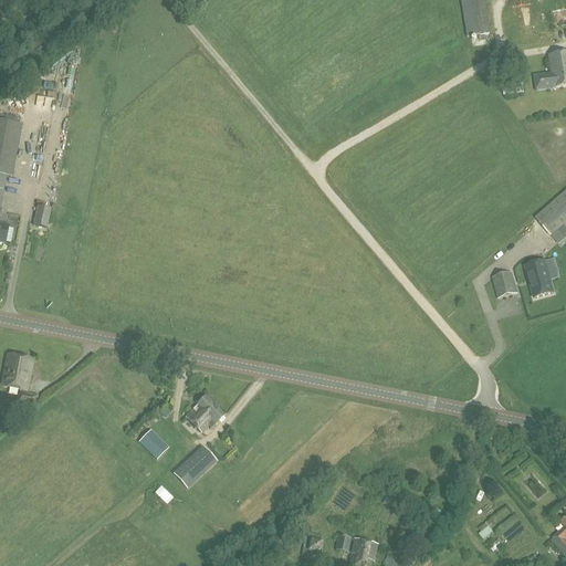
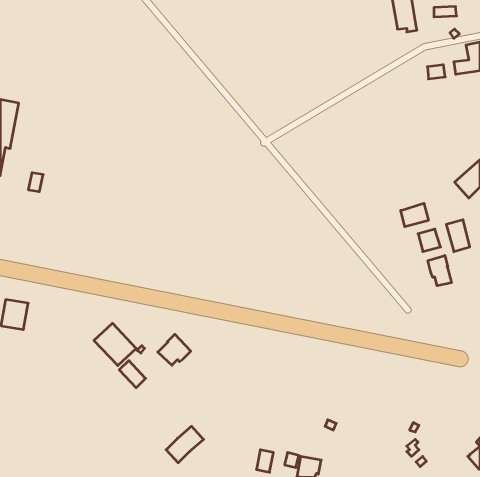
building: none -> [401,203,428,227]
building: none -> [428,255,451,286]
building: none -> [94,323,136,366]
building: [174,444,218,488] -> [166,426,204,463]

